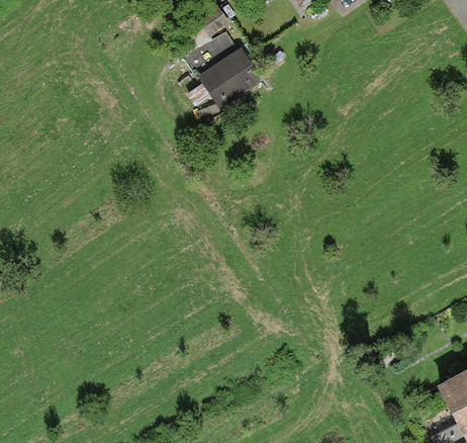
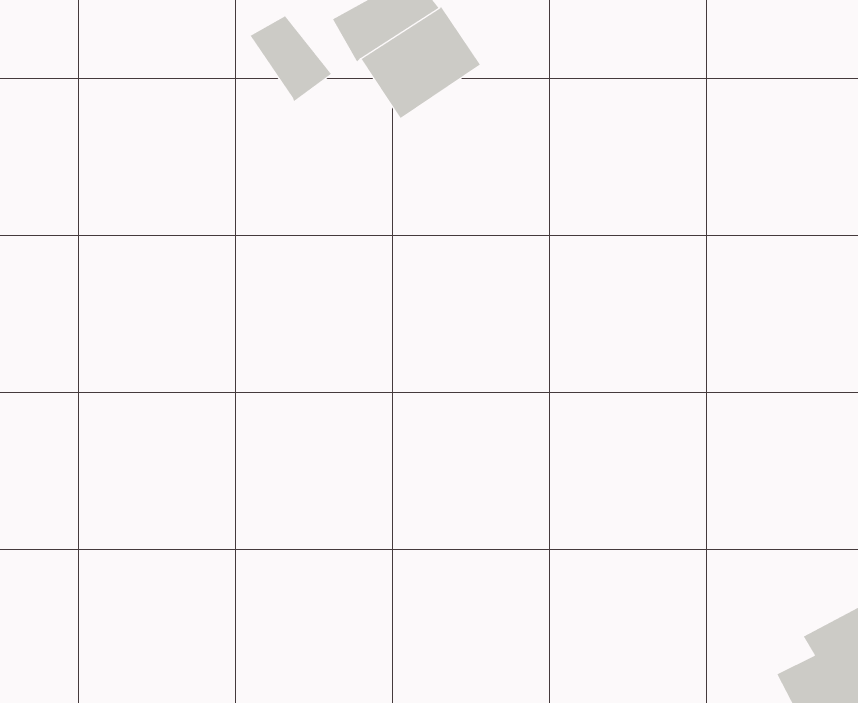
building: none -> [250,15,332,102]

